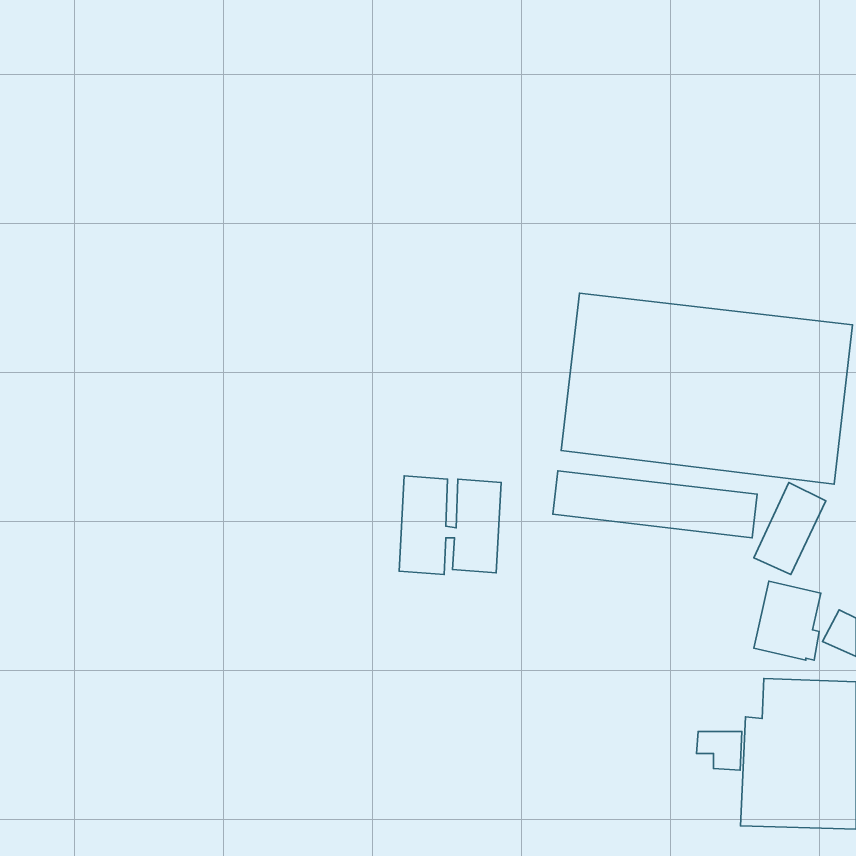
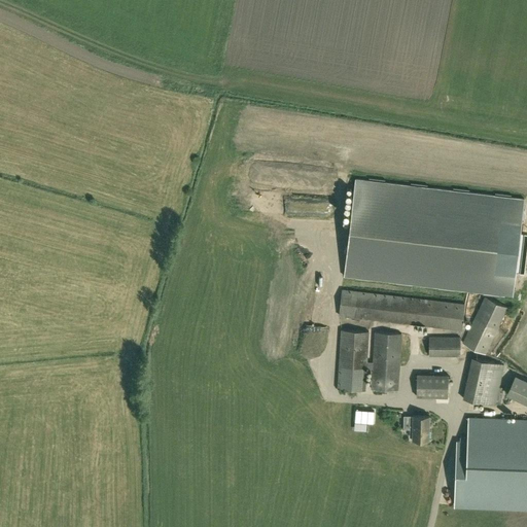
building: [399,476,501,575] -> [339,330,401,391]
building: none -> [429,337,461,356]
building: none -> [417,375,449,398]
building: [697,732,742,770] -> [402,416,430,440]

